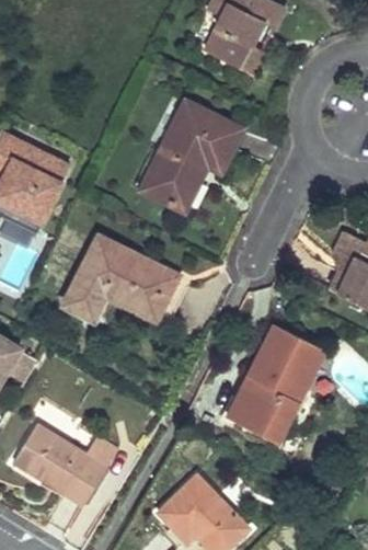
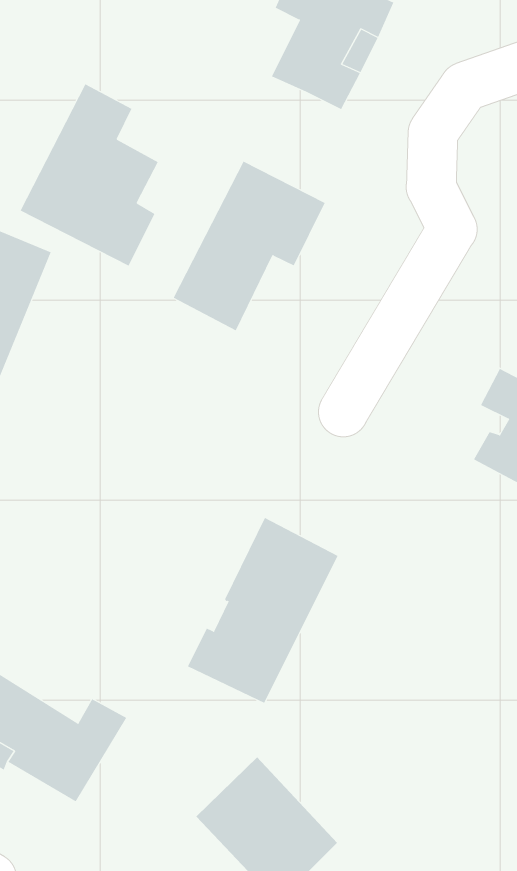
building: none -> [20,84,158,267]
building: [65,234,179,318] -> none
building: [229,324,323,440] -> [187,517,338,703]

